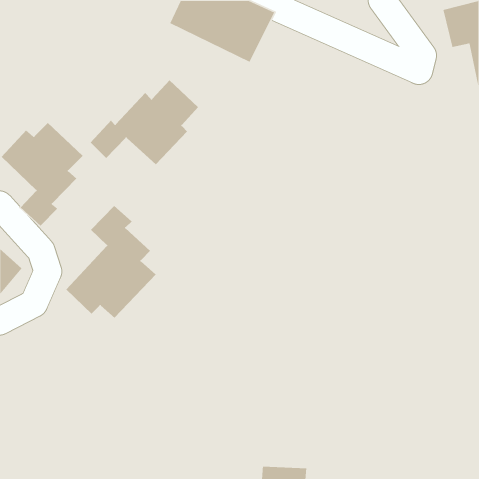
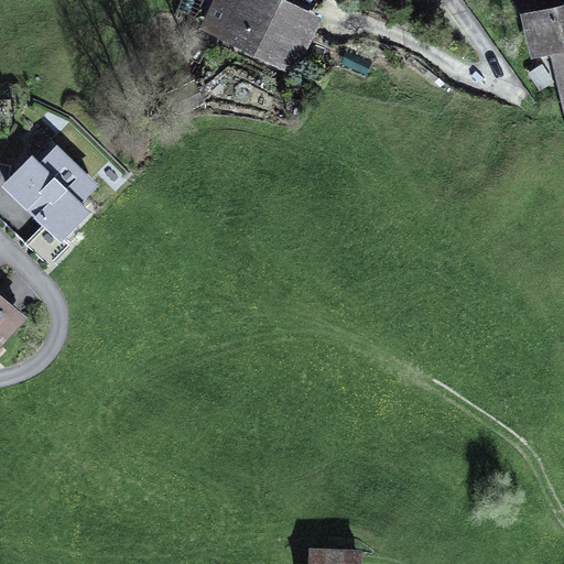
building: [90,79,199,165] -> none
building: [65,205,156,319] -> none

